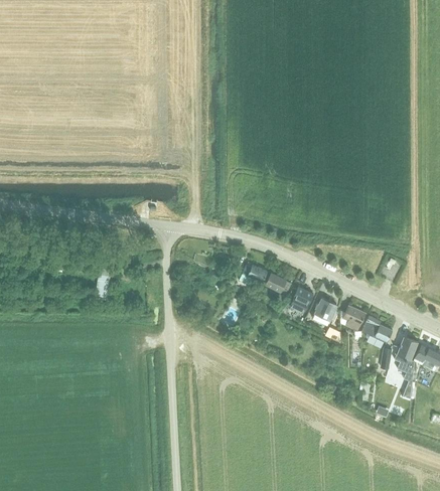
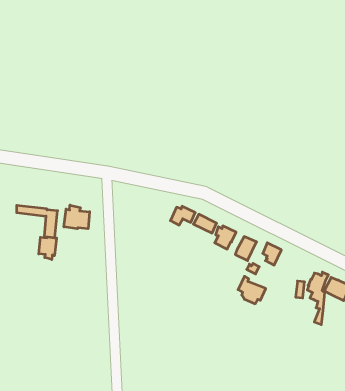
building: none -> [64,205,90,229]
building: none -> [39,237,57,260]
building: [361,314,393,345] -> [238,276,266,304]

